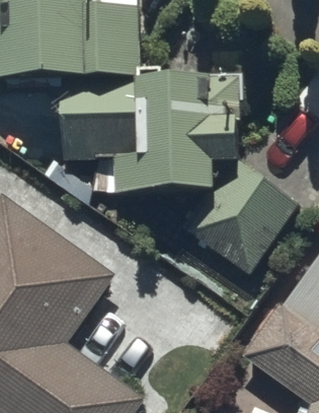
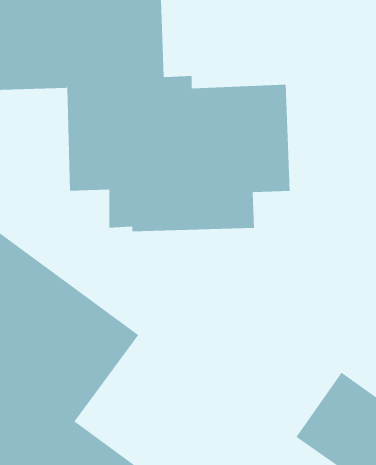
building: [181,162,299,275] -> none

